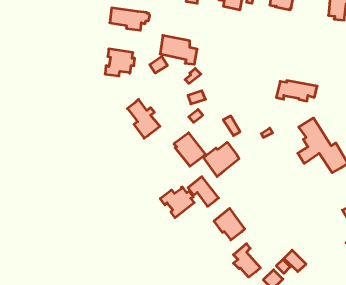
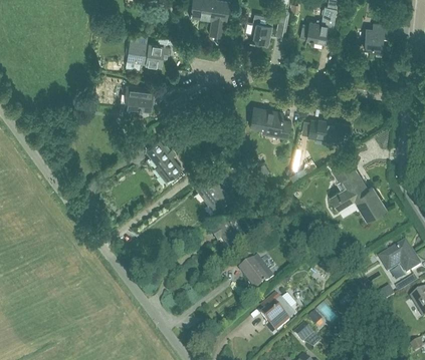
building: [160,35,197,64] -> [250,106,290,137]
building: [204,142,239,177] -> none
building: [160,187,194,218] -> none

